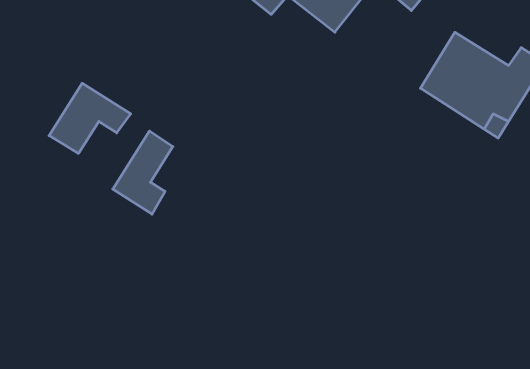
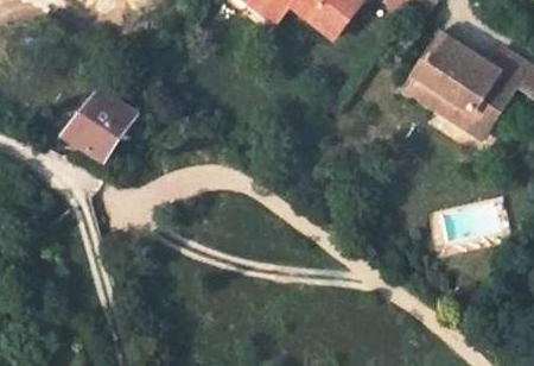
building: [113,131,173,214] -> none

